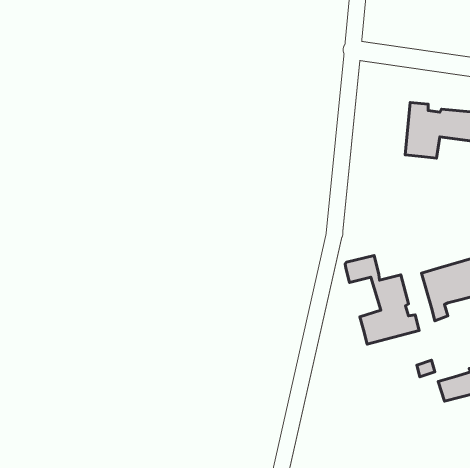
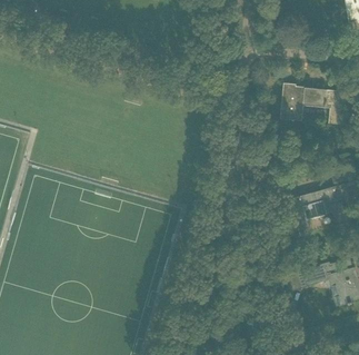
building: [345,256,419,344] -> none

